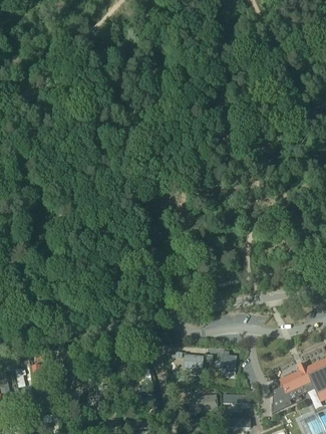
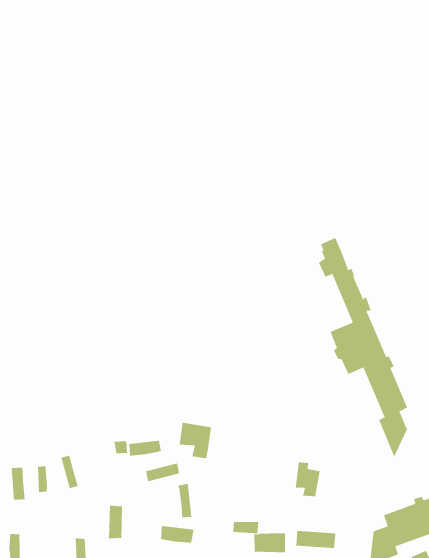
building: none -> [318,237,408,458]
building: [183,353,204,376] -> [179,422,212,459]

